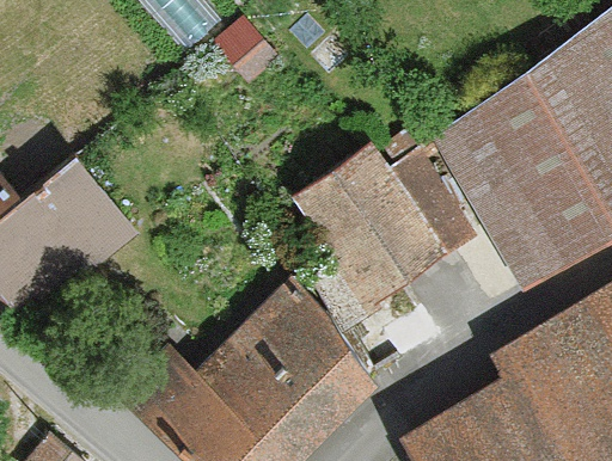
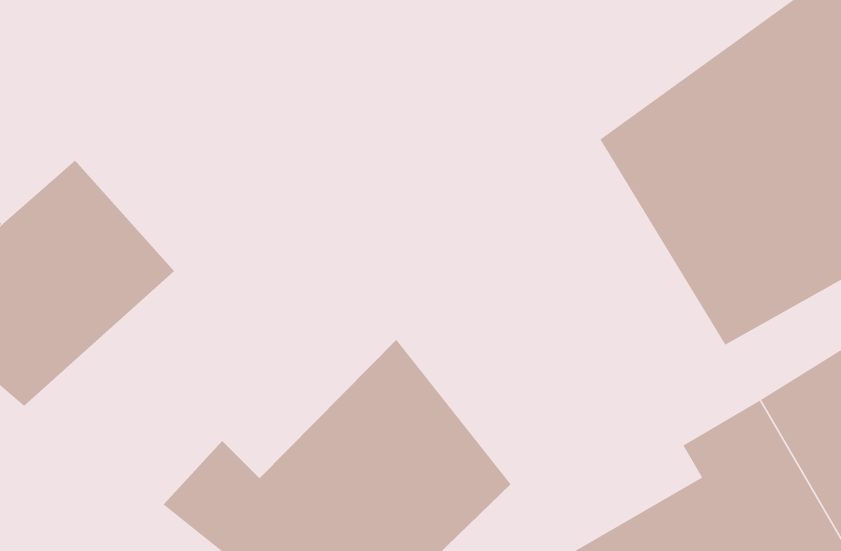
building: [294,145,476,320] -> none

